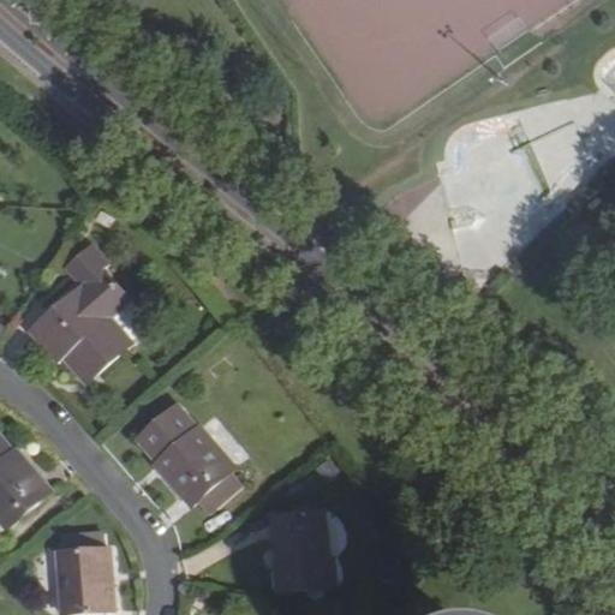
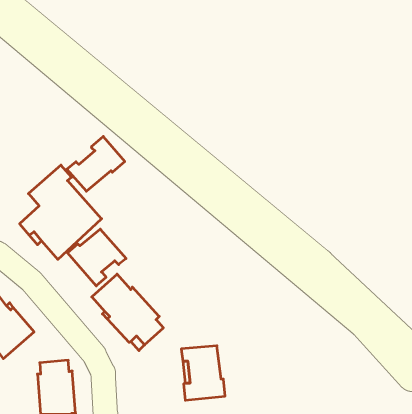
building: none -> [67,136,125,191]
building: none -> [68,229,126,286]

